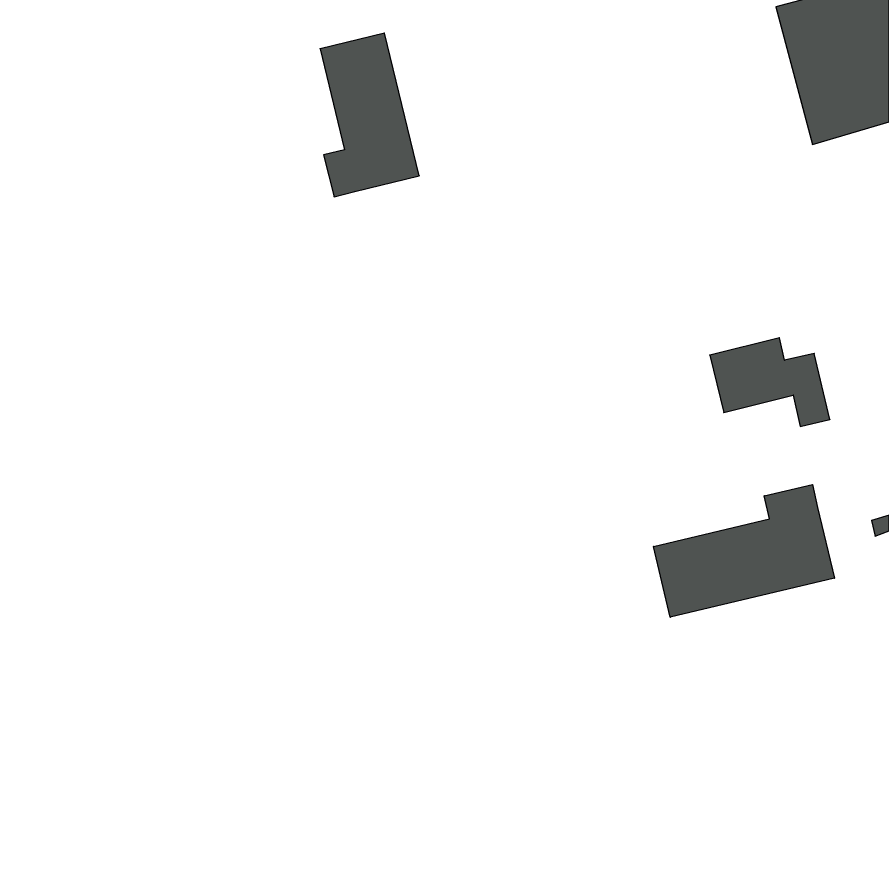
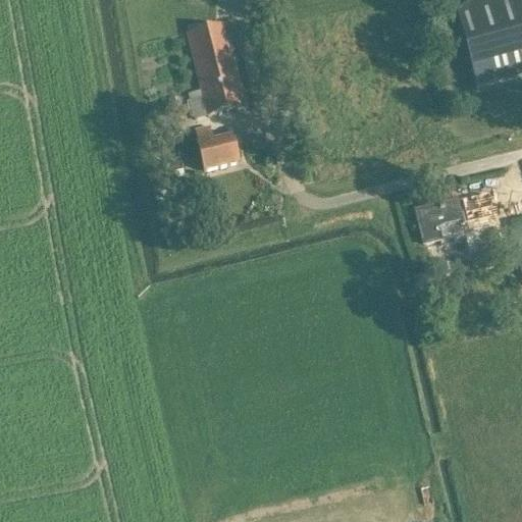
building: none -> [195,122,240,168]
building: [654,485,834,617] -> none

